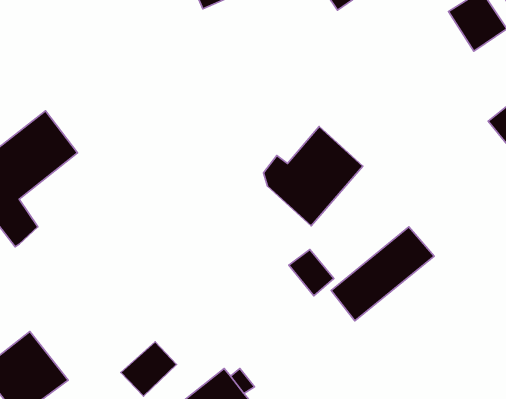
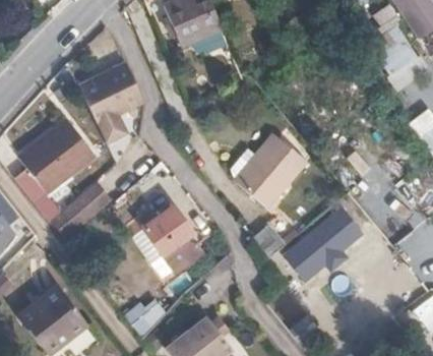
building: none -> [78,55,142,141]
building: none -> [46,187,101,238]
building: none -> [145,210,200,273]

